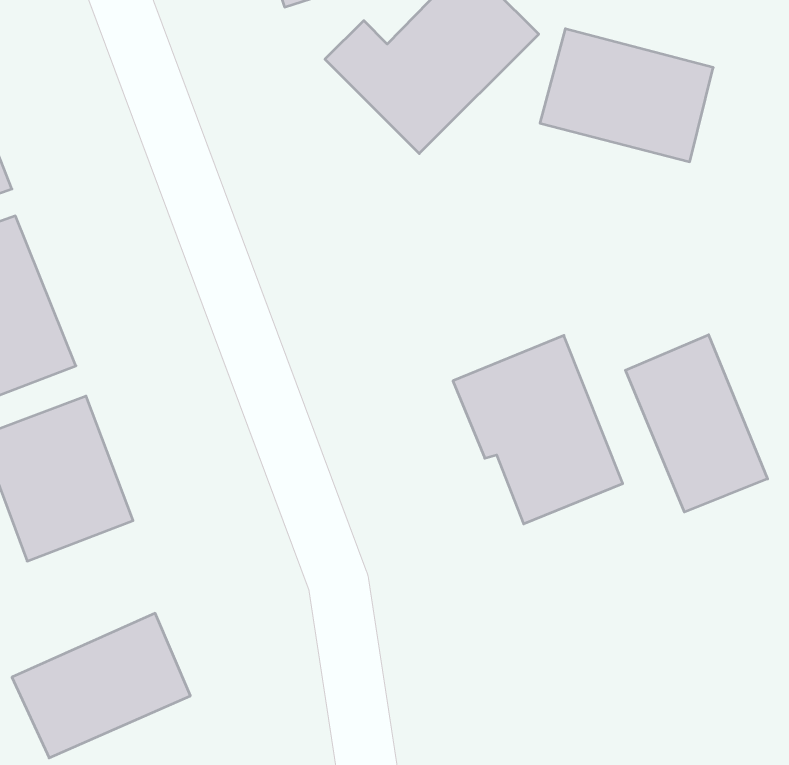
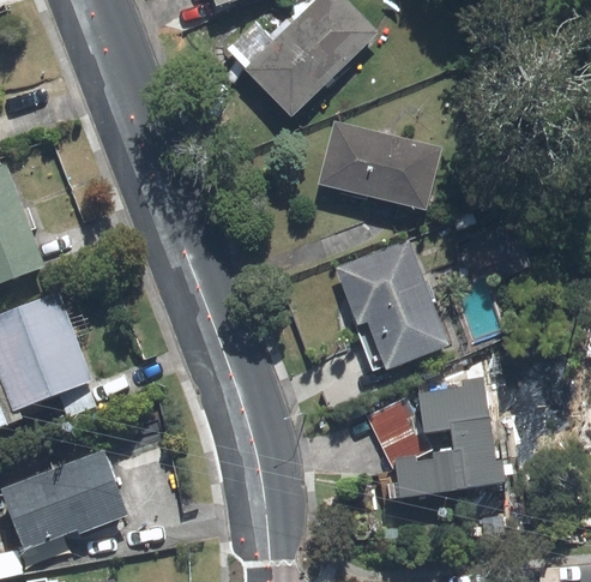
building: [540,29,713,162] -> [307,124,430,218]
building: [625,335,768,512] -> none
building: none -> [362,386,493,508]

